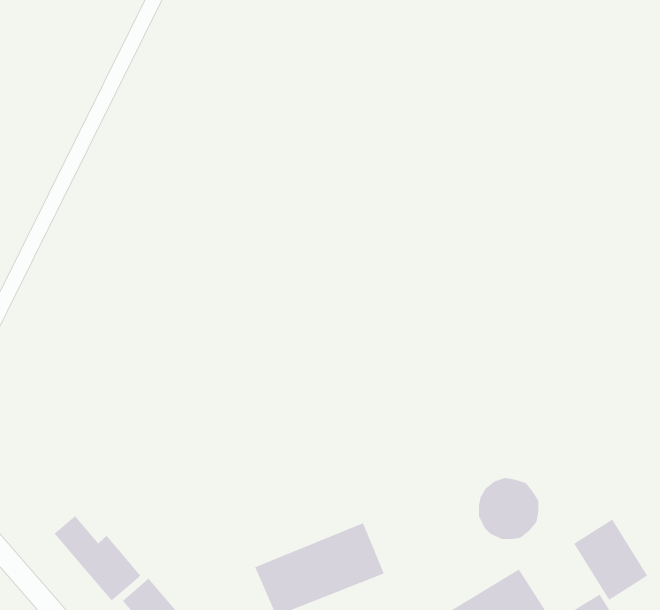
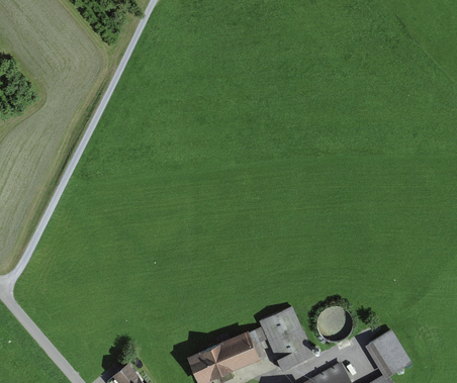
building: none -> [255,304,312,373]
building: [54,515,142,601] -> none

